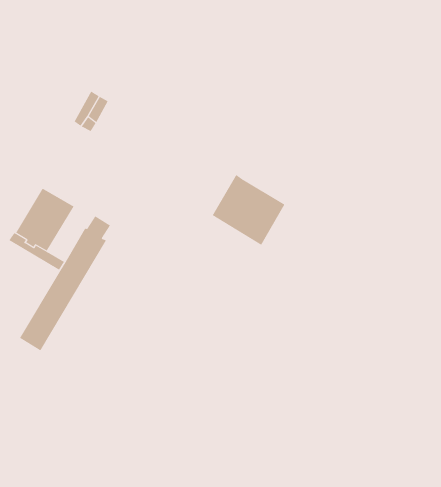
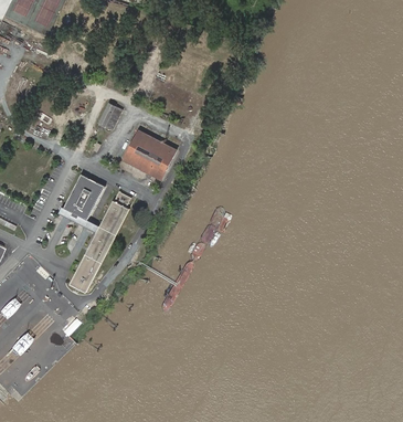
building: [212,174,285,245] -> [123,129,176,180]

